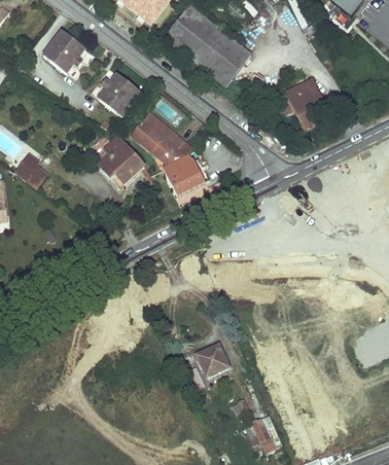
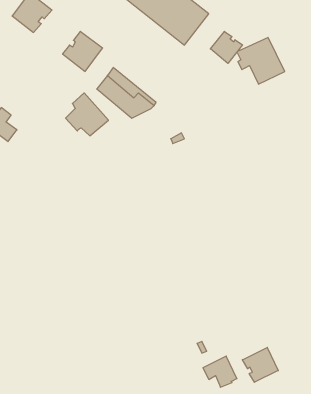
building: none -> [210,31,243,63]
building: [163,154,208,194] -> none
building: [196,345,227,377] -> none
building: none -> [242,347,278,382]

